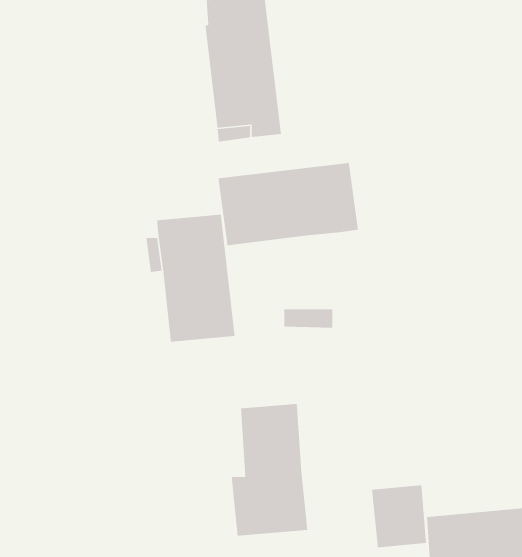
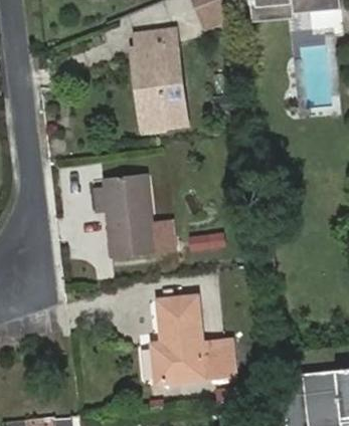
building: [217,162,359,246] -> none
building: [371,485,427,548] -> [200,339,236,380]

